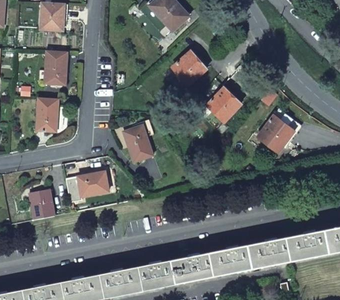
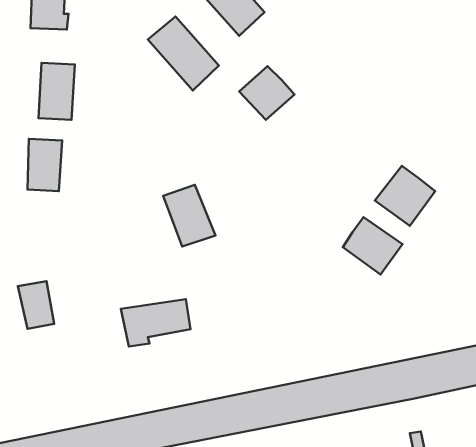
building: none -> [148,17,219,90]
building: [206,89,240,123] -> none
building: none -> [343,217,402,274]
building: [65,173,109,203] -> [121,299,190,347]

